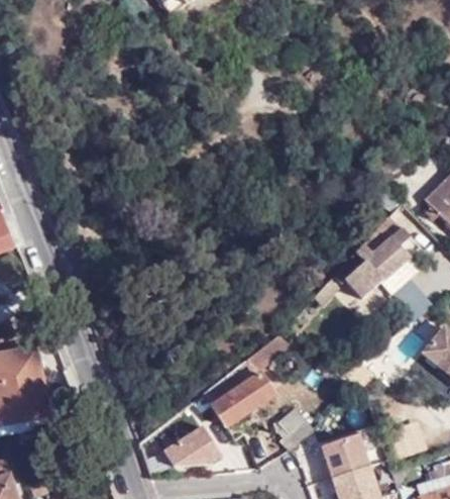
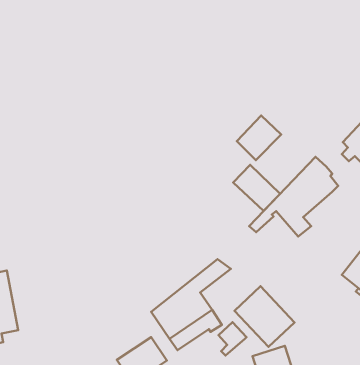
building: none -> [237,115,281,160]
building: none -> [233,165,280,211]
building: none -> [234,286,295,347]

